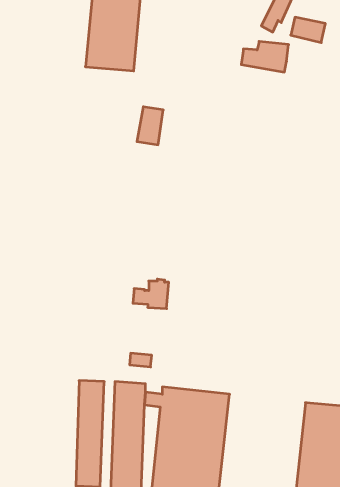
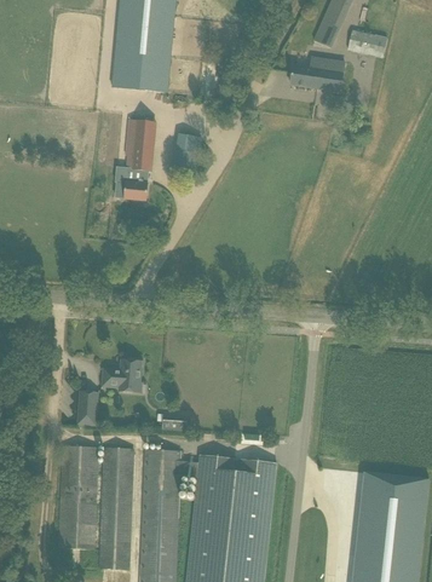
building: none -> [114,120,154,201]
building: [133,279,169,309] -> [102,358,143,392]
building: none -> [76,392,97,425]
building: none -> [58,446,97,549]

